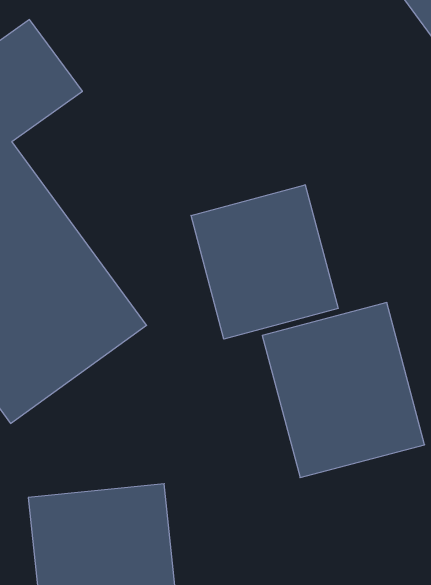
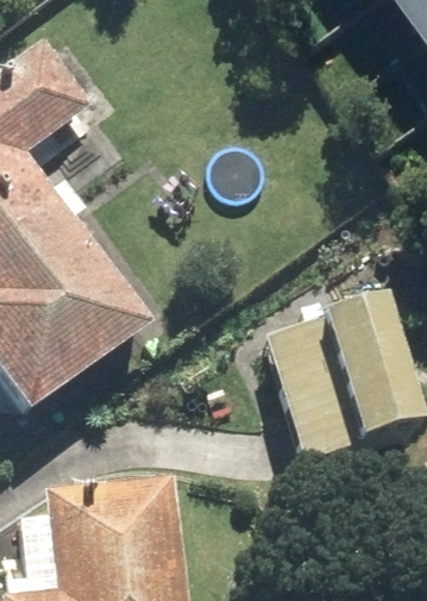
building: [191,185,338,339] -> none

